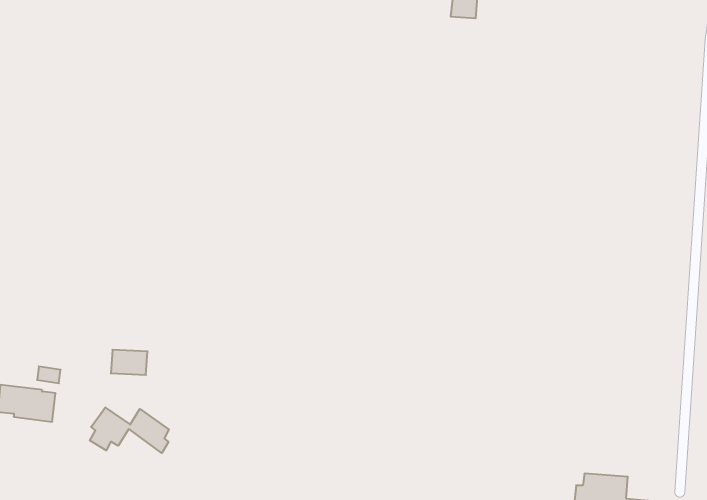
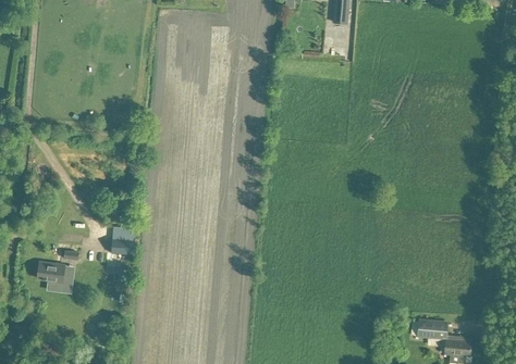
building: [90,407,169,453] -> none

